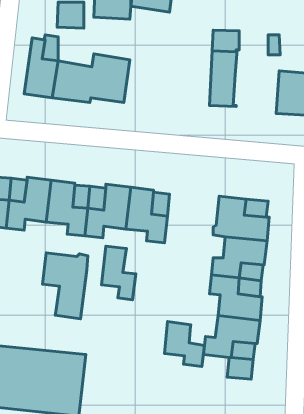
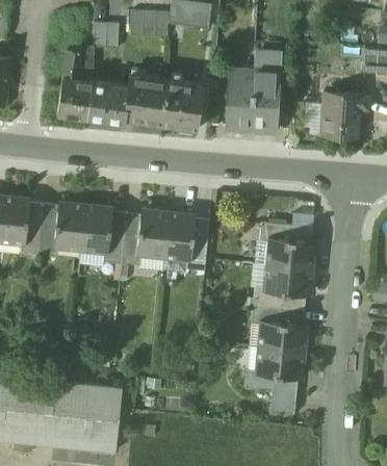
building: none -> [223,67,254,128]
building: none -> [161,80,202,130]
building: [101,246,136,300] -> none
building: [43,253,88,319] -> none
building: [164,322,204,366] -> none

